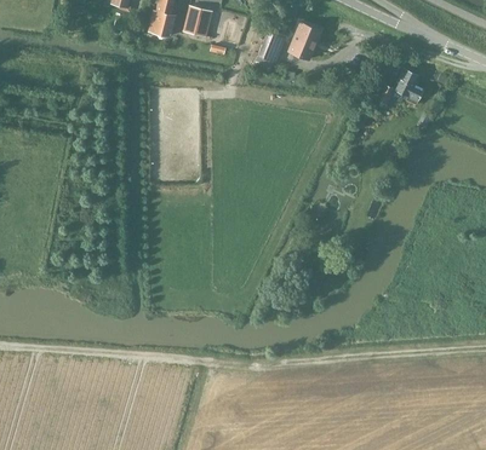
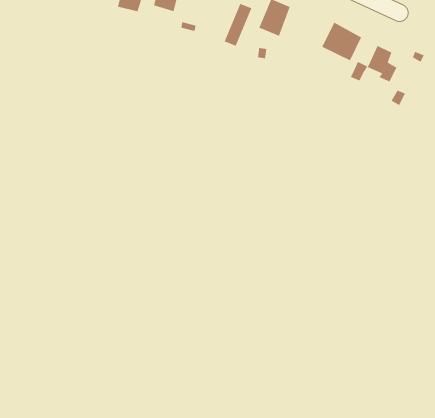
building: none -> [322,22,362,61]

